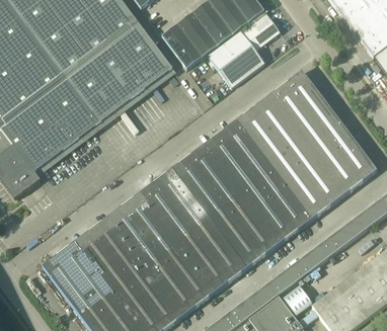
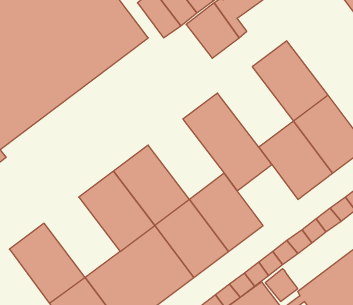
building: [237,95,308,170] -> none
building: [172,144,243,219] -> none
building: [255,186,312,243] -> none
building: [75,217,146,292] -> none

